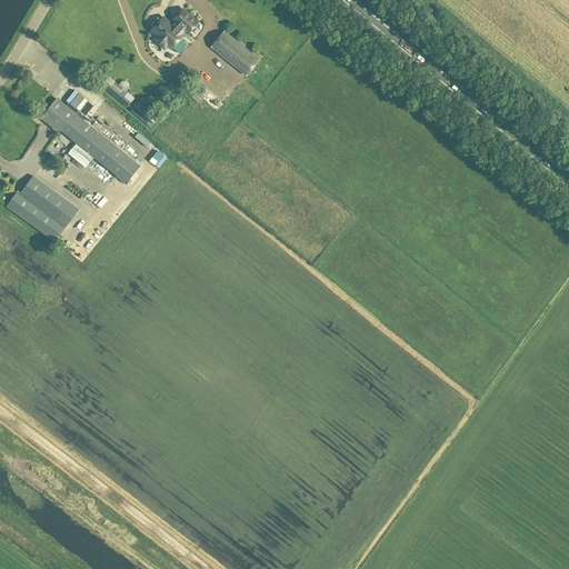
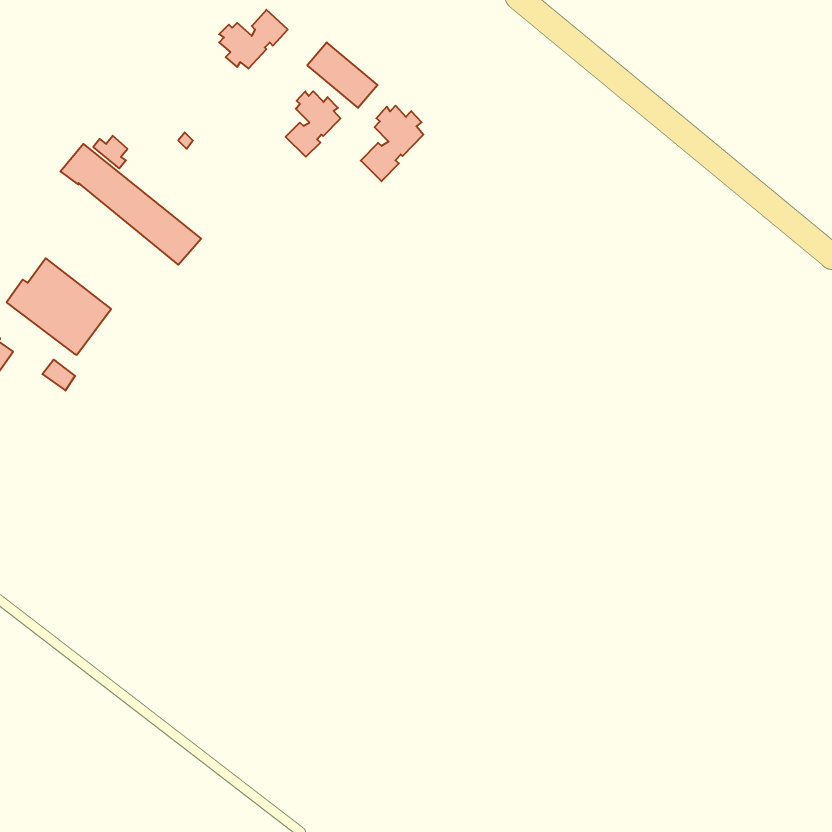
building: none -> [286,91,340,157]
building: none -> [361,106,423,181]

